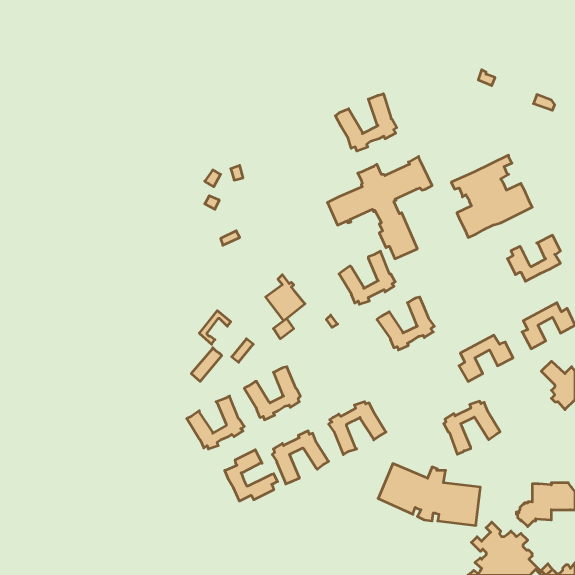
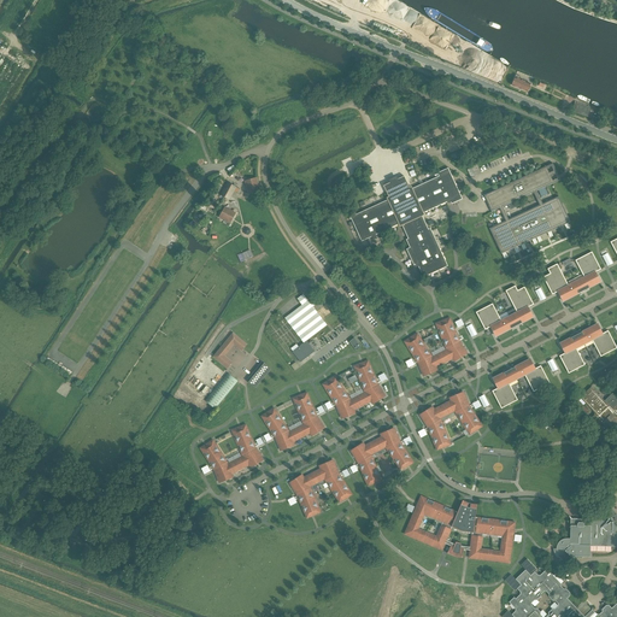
building: [335,94,397,151] -> none
building: [339,251,395,304] -> [323,360,383,417]
building: none -> [476,286,534,336]
building: [444,401,500,454] -> [422,394,482,451]
building: [225,450,278,501] -> none

